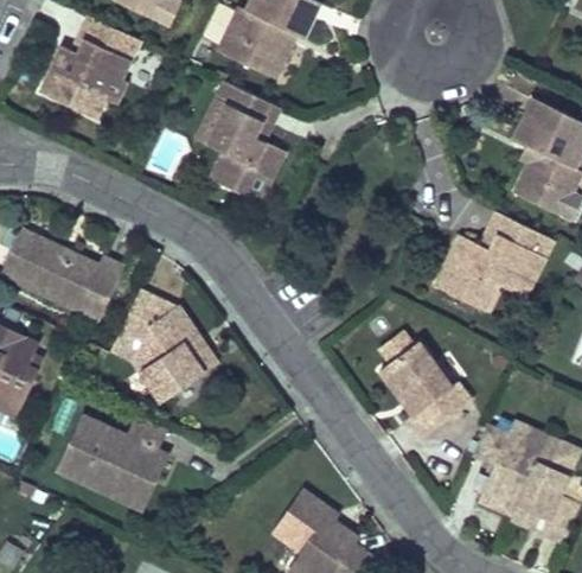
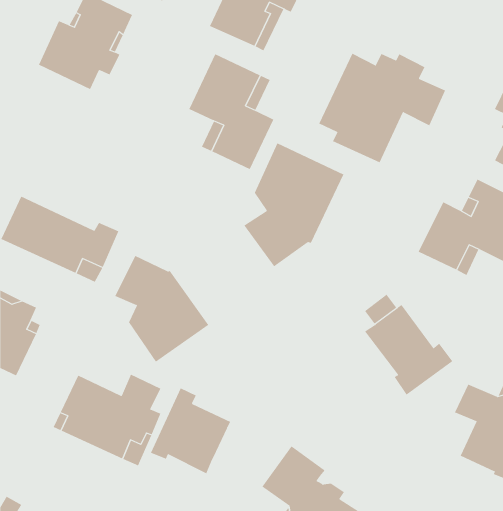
building: none -> [318,53,446,163]
building: none -> [244,143,344,267]
building: none -> [150,388,231,474]

